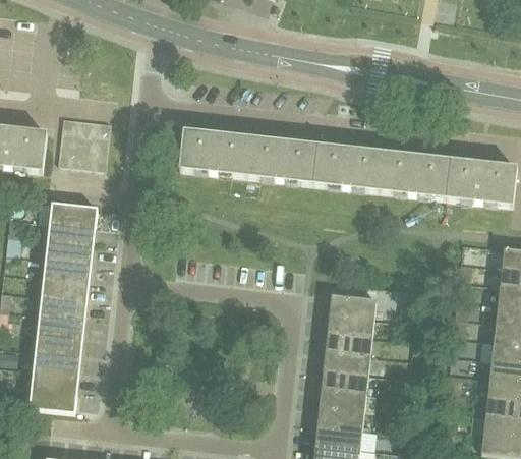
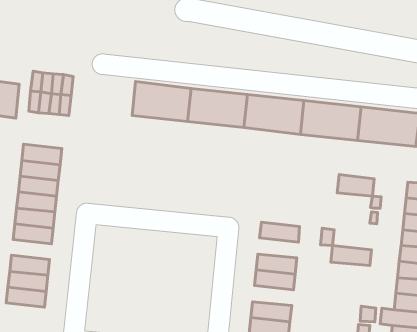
building: none -> [337,175,374,196]
building: [328,310,375,334] -> [331,246,372,266]
building: [39,312,85,336] -> none
building: [322,366,369,390] -> none
building: [31,387,77,411] -> none

